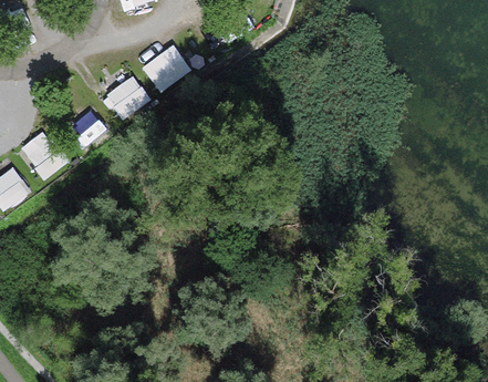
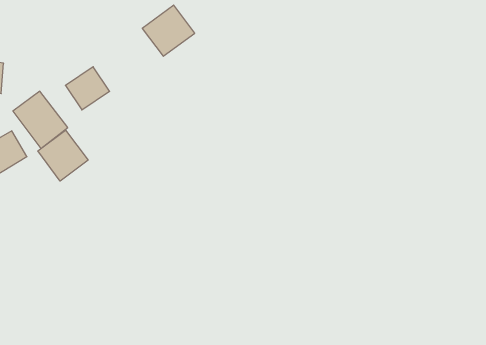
building: [104,76,148,117] -> none
building: none -> [38,130,88,181]

